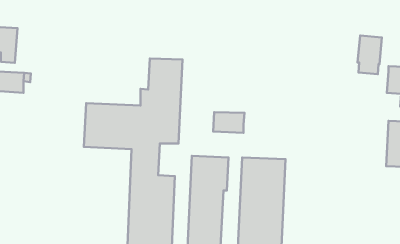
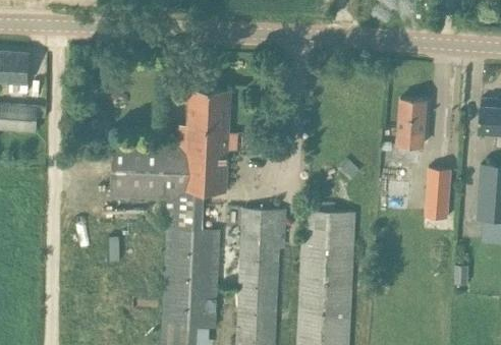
building: [358,36,382,74] -> [397,100,427,147]
building: [213,112,245,133] -> none
building: none -> [425,169,451,219]

